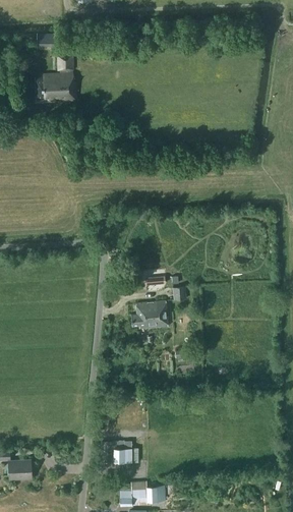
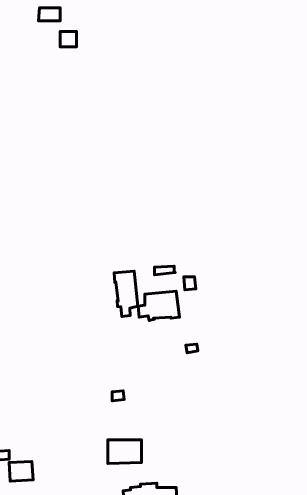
building: [35,75,76,103] -> none
building: none -> [114,271,138,316]

